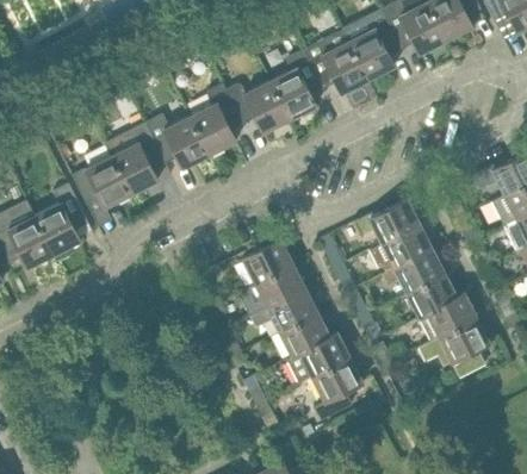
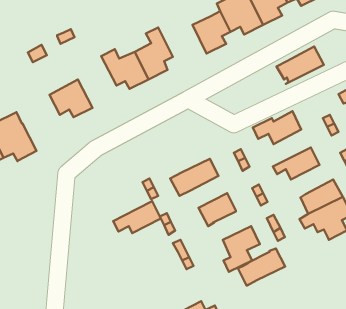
building: [223,80,290,133] -> none
building: [106,123,166,194] -> none
building: [36,183,88,261] -> none
building: [368,224,434,275] -> [276,47,324,84]
building: [242,239,294,283] -> none
building: [407,273,458,318] -> none
building: [253,288,318,332] -> [113,201,161,233]
building: [286,332,352,383] -> [238,248,285,285]

